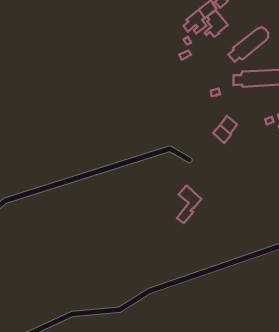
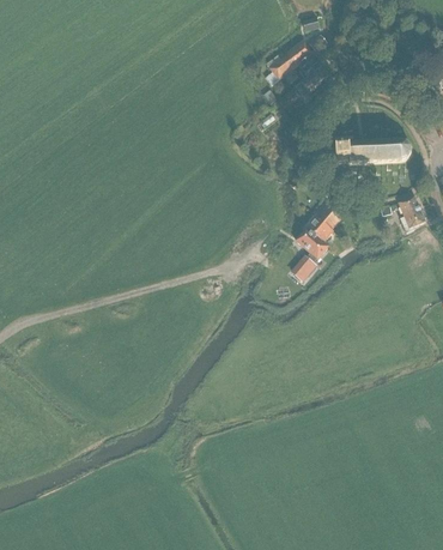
building: [228,27,268,62] -> none
building: [177,186,202,223] -> [293,228,328,280]

